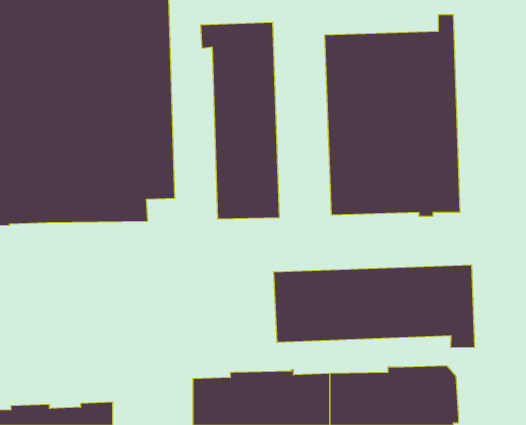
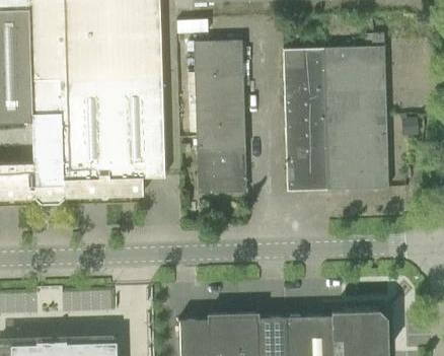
building: [274,265,474,348] -> none

